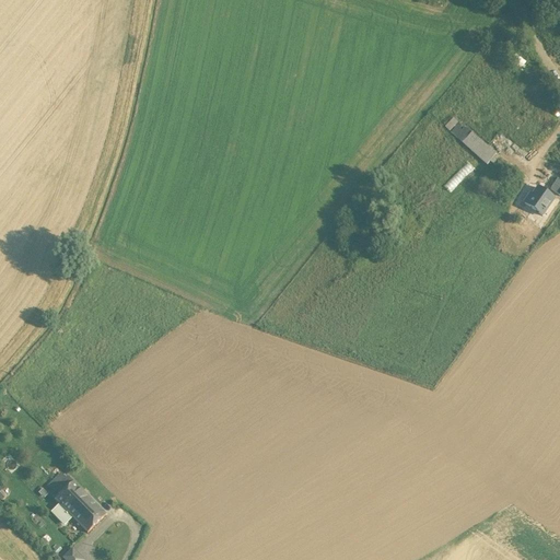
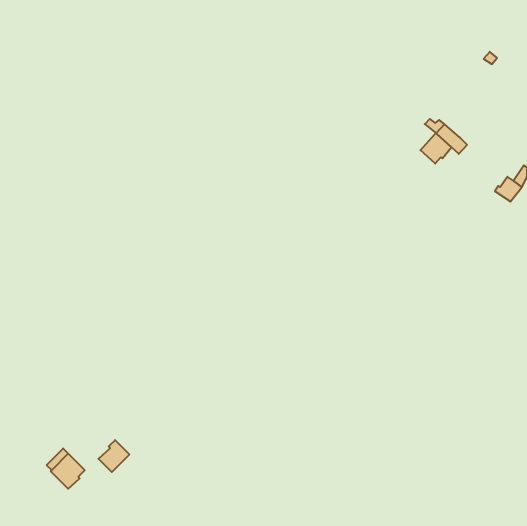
building: none -> [420,133,452,164]
building: [72,498,105,532] -> [98,440,129,472]

